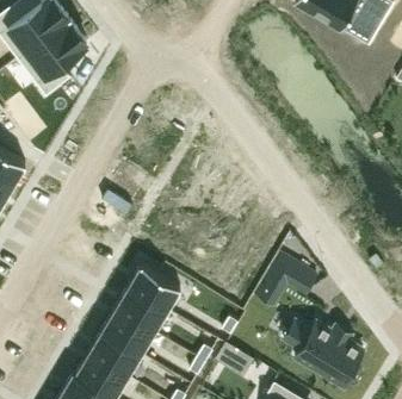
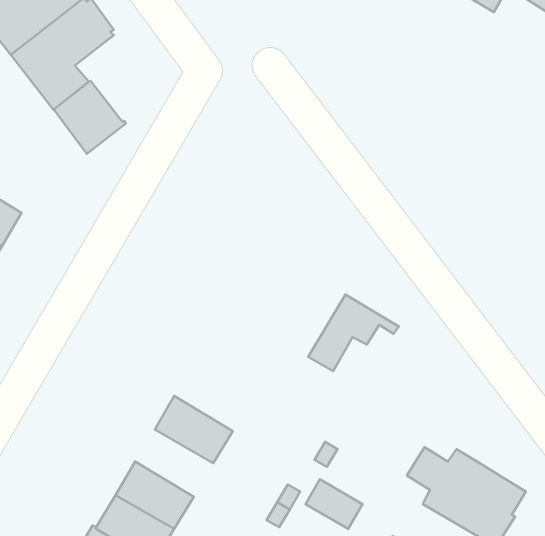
building: none -> [54,81,126,154]
building: [256,255,317,306] -> [308,295,399,371]
building: [129,264,181,311] -> none
building: [103,310,155,355] -> none

